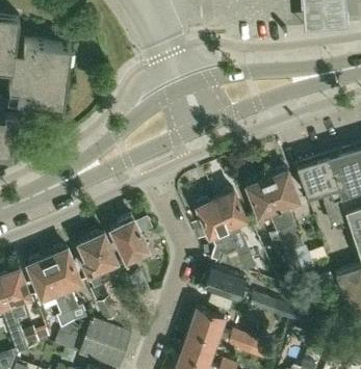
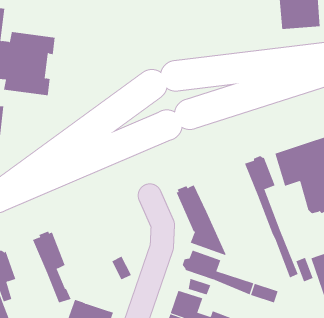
building: [246,178,298,260] -> none
building: [214,190,256,271] -> none
building: [110,216,149,261] -> none
building: [78,233,117,322] -> none
building: [27,257,74,330] -> none

